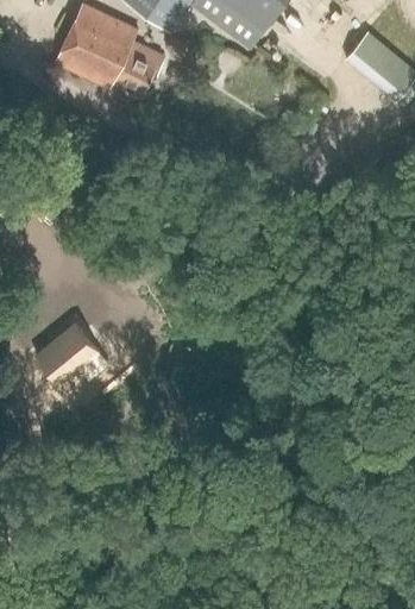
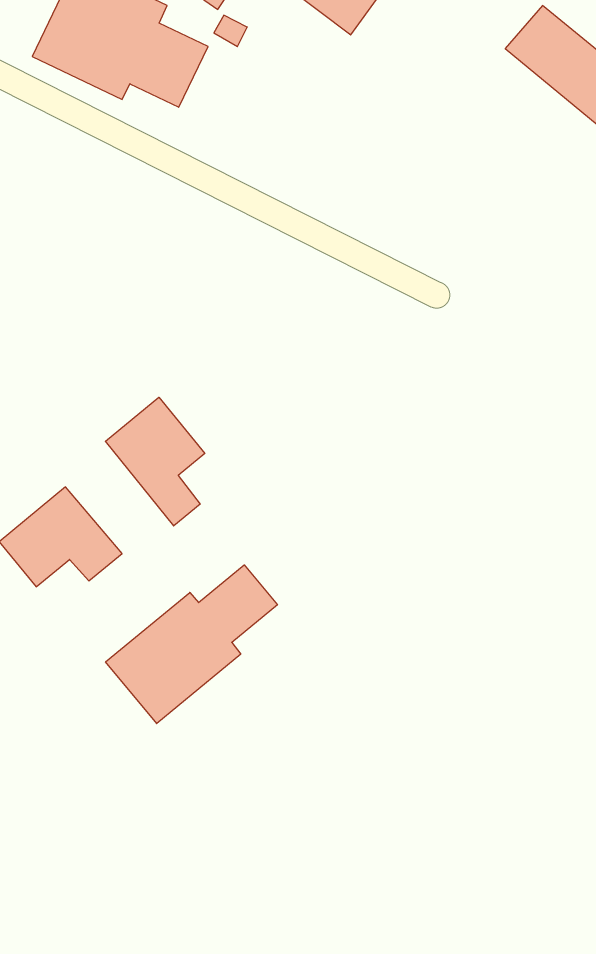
building: none -> [105,397,205,526]
building: none -> [106,565,277,724]

